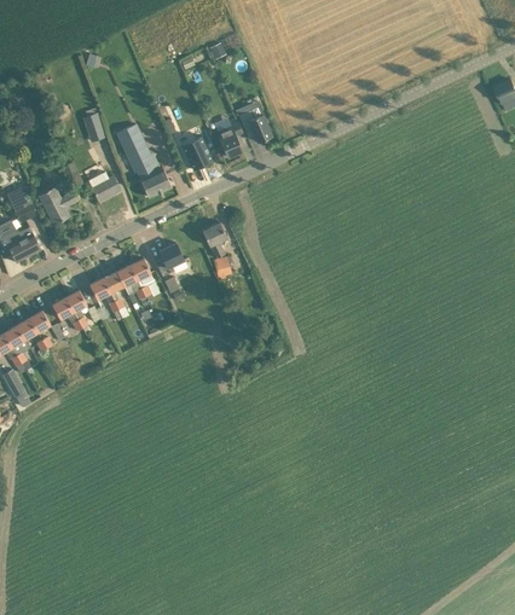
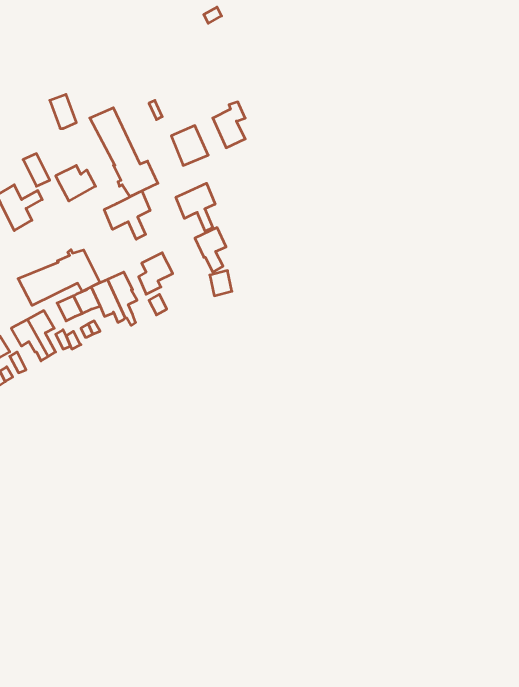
building: [241,112,276,145] -> none
building: none -> [176,183,215,231]
building: none -> [104,191,150,239]
building: none -> [18,250,100,305]

